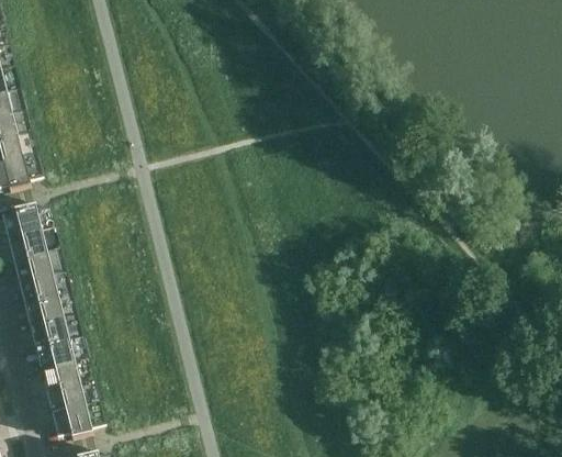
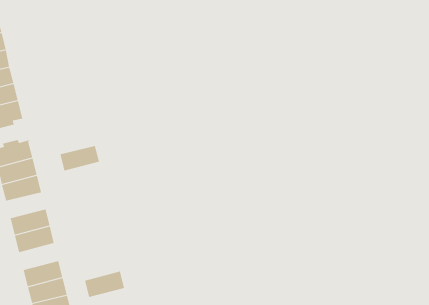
building: [11,272,63,305] -> [59,145,100,171]
building: [27,337,79,371] -> [84,271,125,298]

